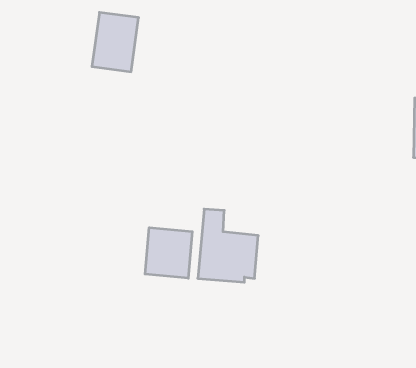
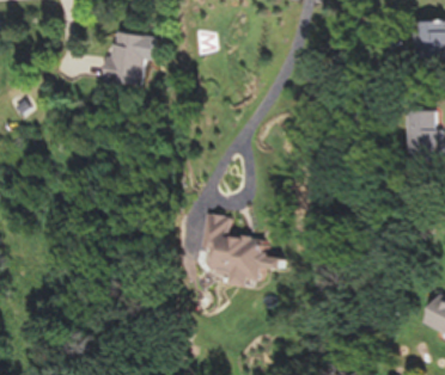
building: [145,228,192,278] -> none

